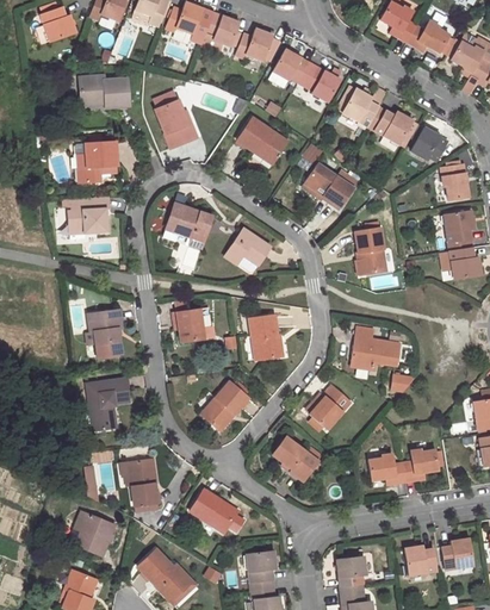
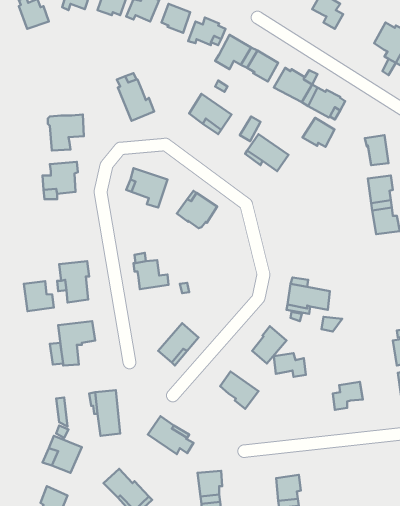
building: [407,23,451,52] -> none
building: [80,76,129,107] -> none
building: [411,127,448,161] -> [303,118,335,147]
building: [356,228,386,274] -> none
building: [250,316,284,359] -> none
building: none -> [24,281,54,311]
building: [370,456,407,484] -> [274,353,306,377]
building: [442,539,475,569] -> none
building: [405,546,438,575] -> none

